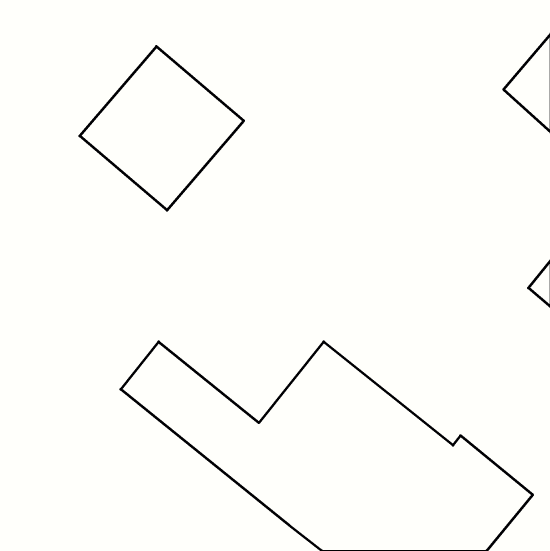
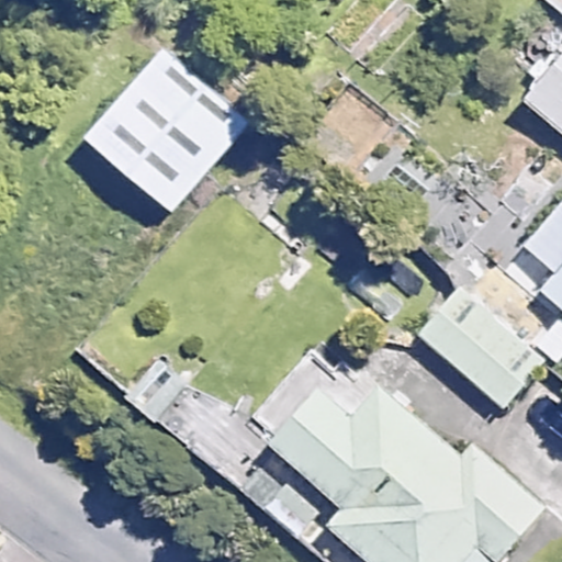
building: none -> [418,282,548,411]

